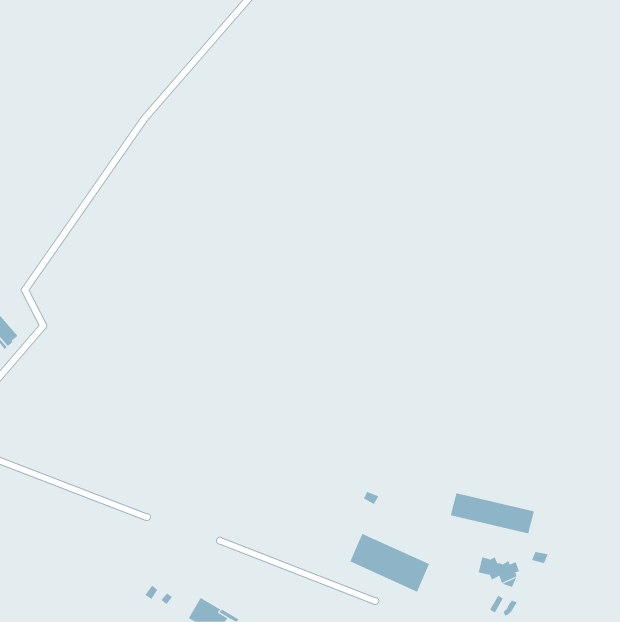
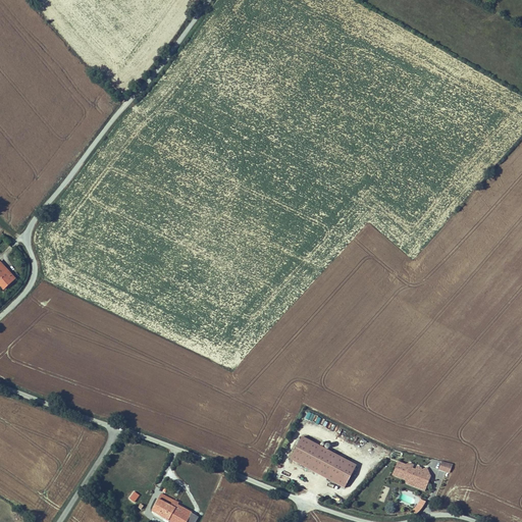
building: [450,493,534,534] -> none

